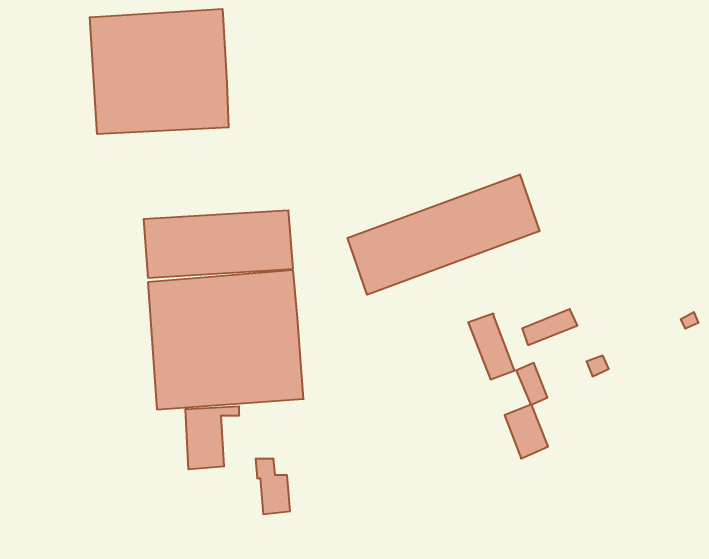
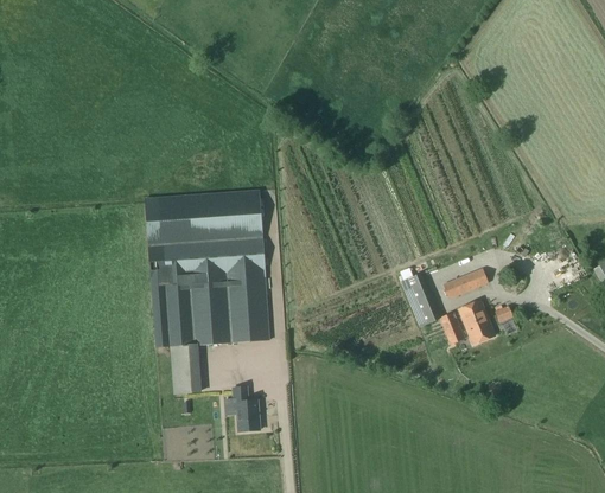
building: [90,9,229,134] -> none
building: [347,174,540,295] -> none
building: [505,405,548,459] -> [459,300,493,342]

